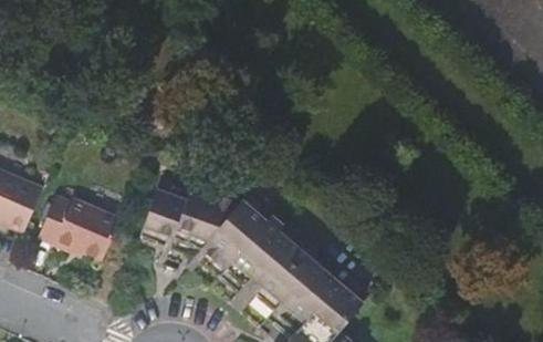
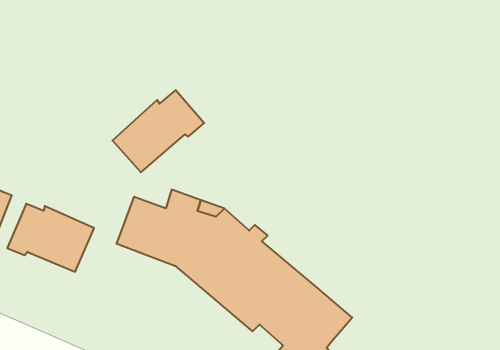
building: none -> [112,90,204,172]

